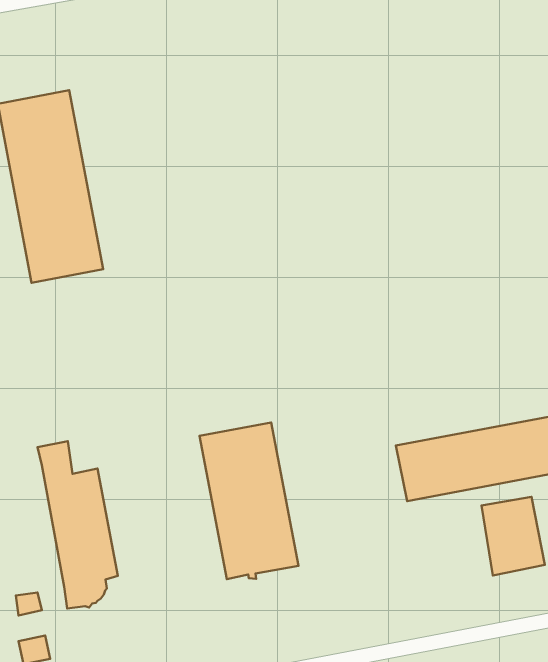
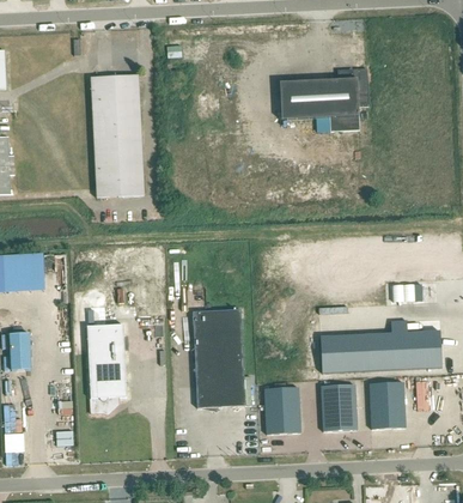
building: none -> [280,67,368,129]
building: none -> [321,383,357,430]
building: none -> [264,386,300,434]

